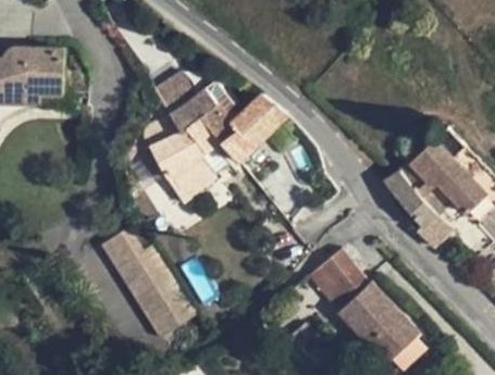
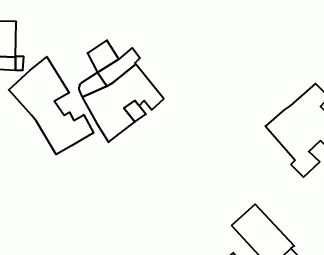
building: [230,93,285,148] -> none
building: none -> [9,57,93,154]
building: [99,228,196,339] -> none
building: [309,248,364,303] -> none

